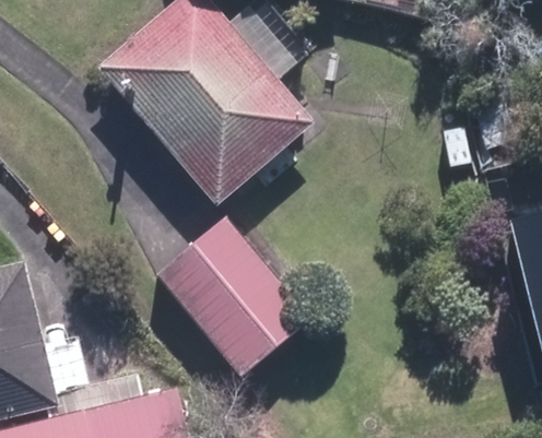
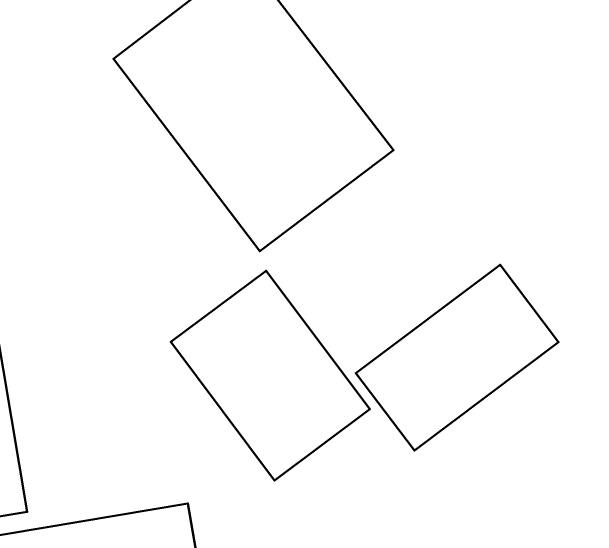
building: none -> [356,265,559,451]

